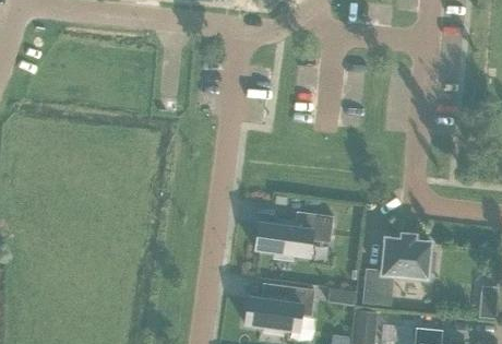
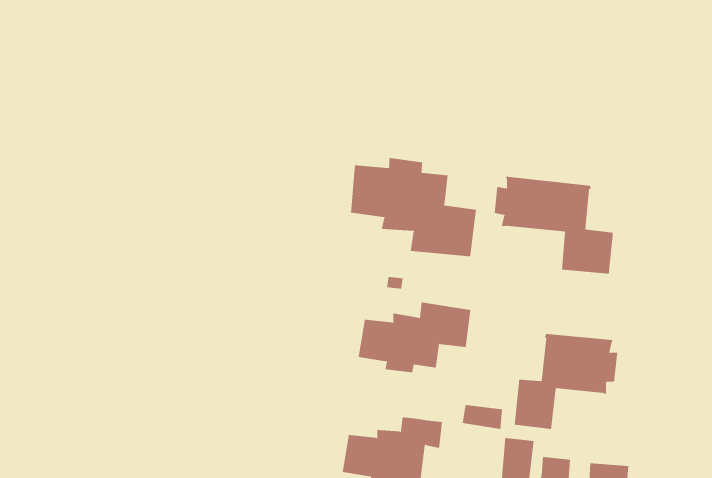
building: none -> [350,157,476,257]
building: none -> [494,176,613,274]

